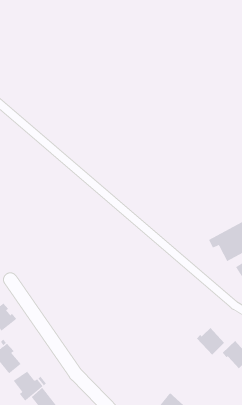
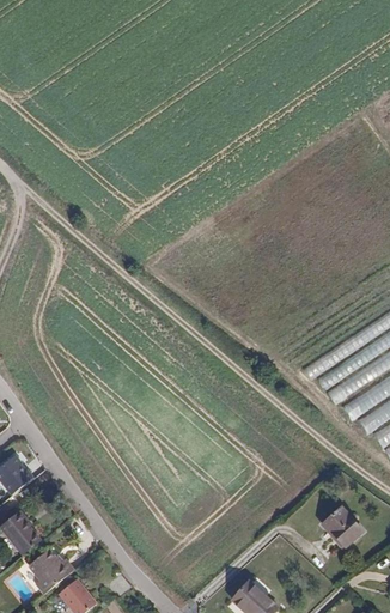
building: [196,327,225,355] -> none

